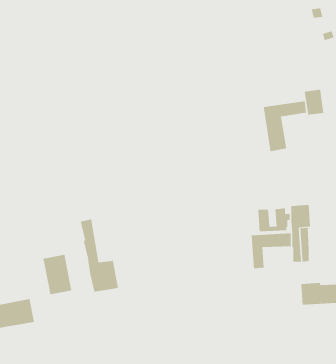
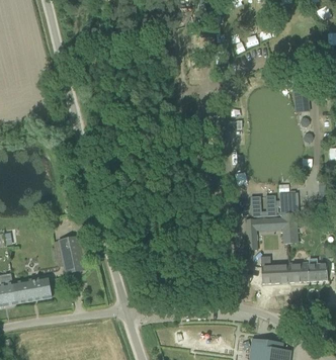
building: [263,100,307,152] -> none
building: [80,219,118,293] -> none
building: none -> [261,258,290,284]

